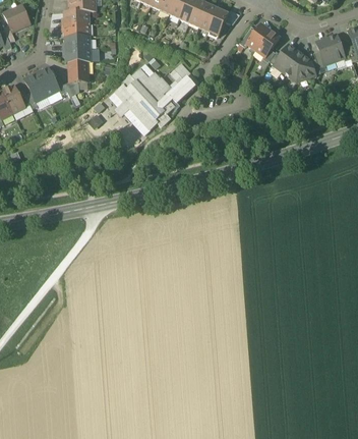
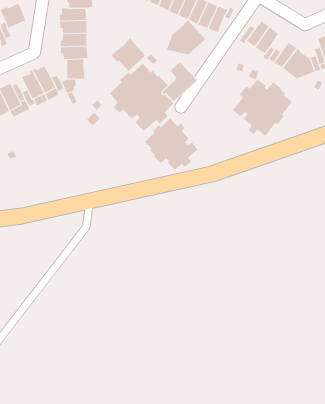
building: none -> [166,19,206,55]
building: none -> [111,38,146,72]
building: none -> [232,79,293,137]
building: none -> [144,118,199,170]

